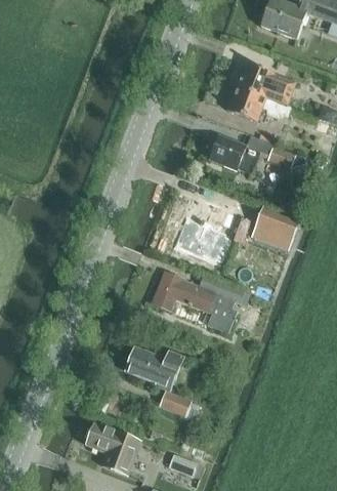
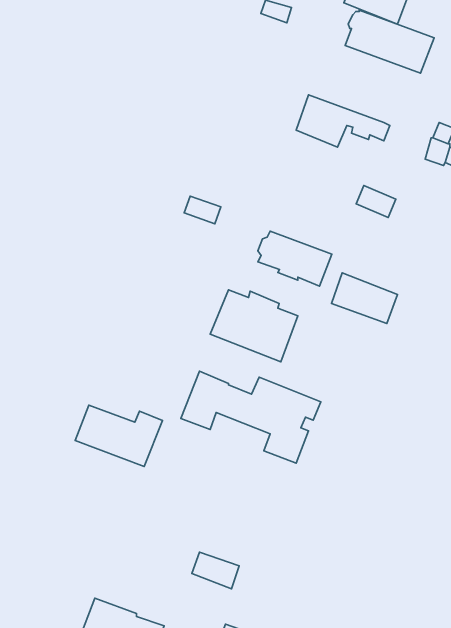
building: [237,63,296,105] -> [345,10,434,73]
building: [210,136,259,173] -> [258,231,332,286]
building: [125,346,183,387] -> [75,405,163,467]

